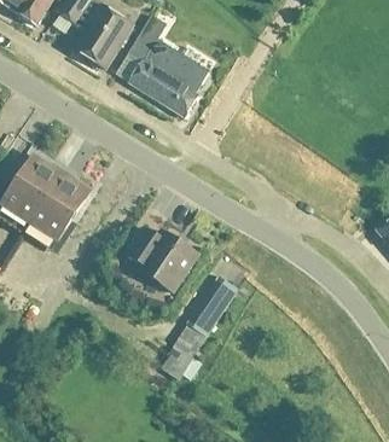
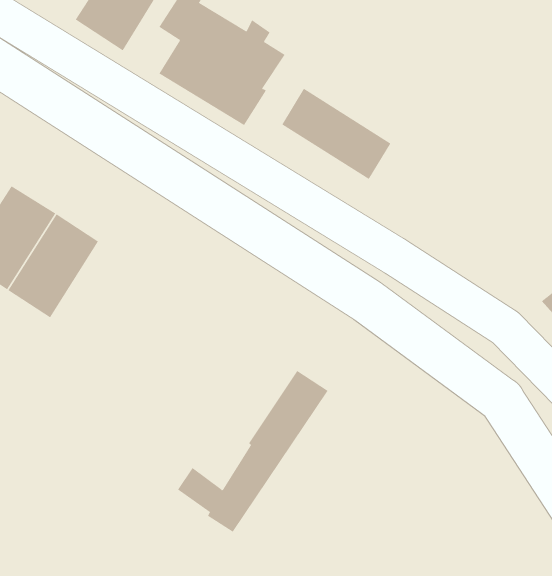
building: none -> [281,88,391,180]
building: [126,226,201,292] -> none

